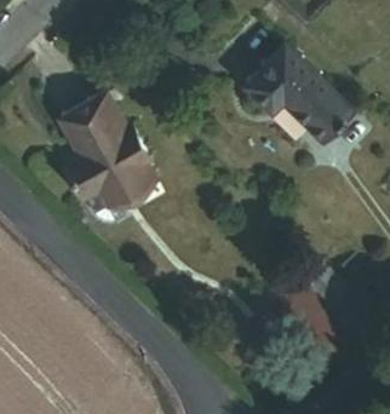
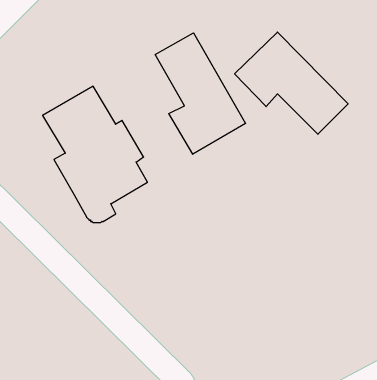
building: none -> [155,33,246,154]

